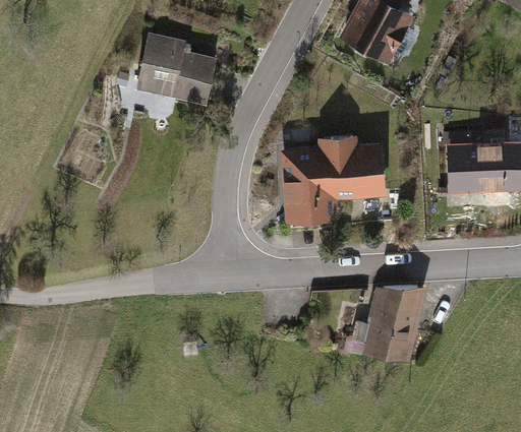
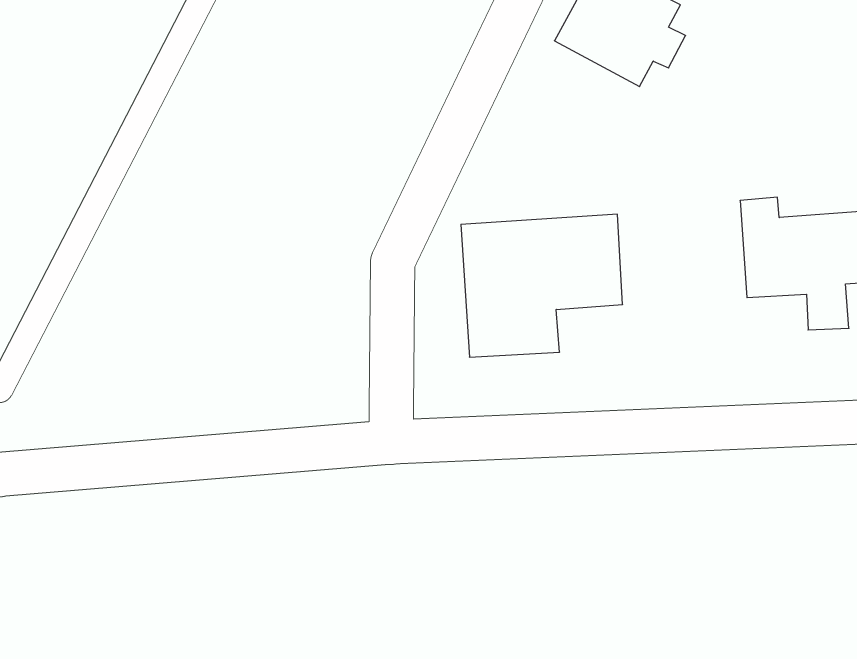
building: [137,33,219,105] -> none
building: [365,282,426,358] -> none

